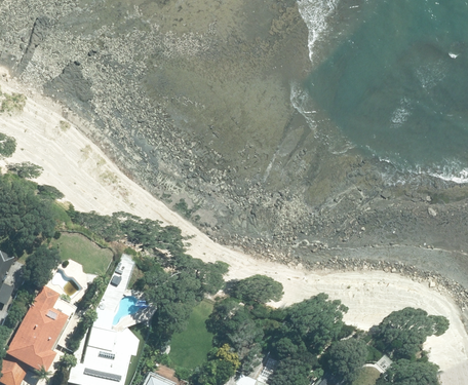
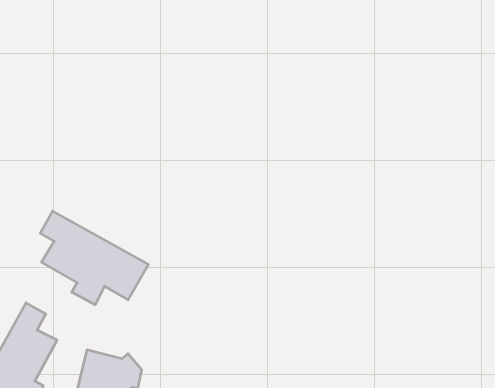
building: none -> [40,211,148,305]

